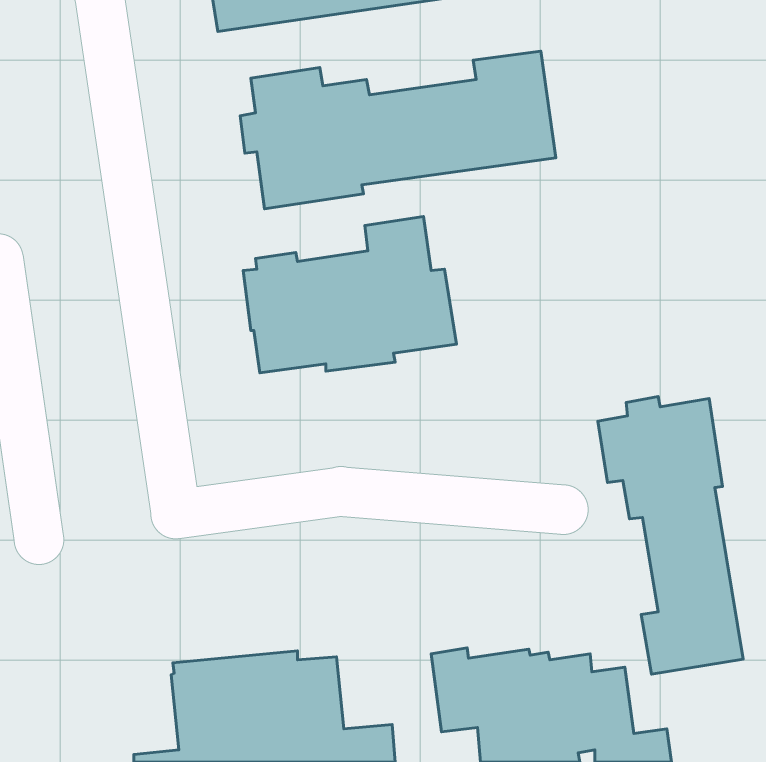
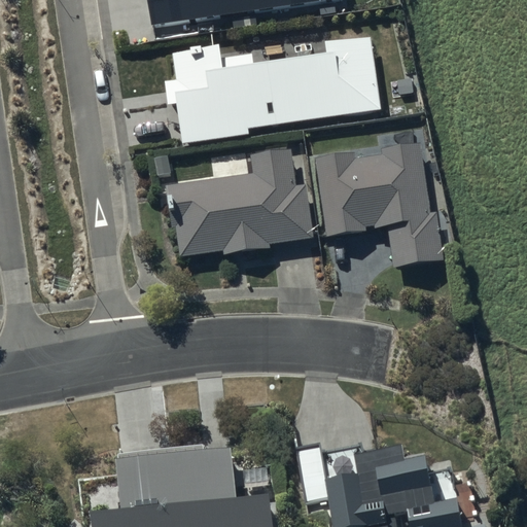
building: none -> [313,142,444,268]
building: [598,396,743,674] -> none

